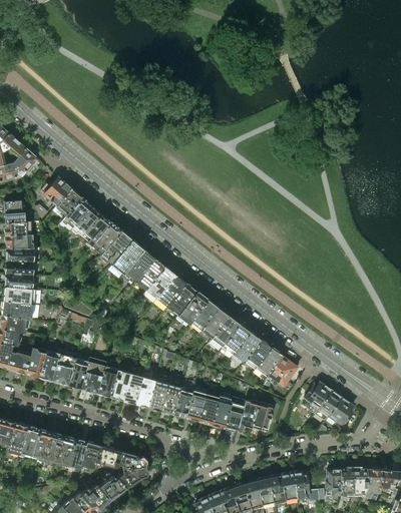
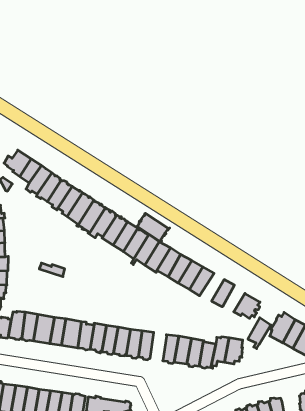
building: none -> [137,213,170,242]
building: [232,332,261,364] -> none
building: [256,347,282,379] -> [248,318,271,349]
building: [172,386,192,419] -> none

